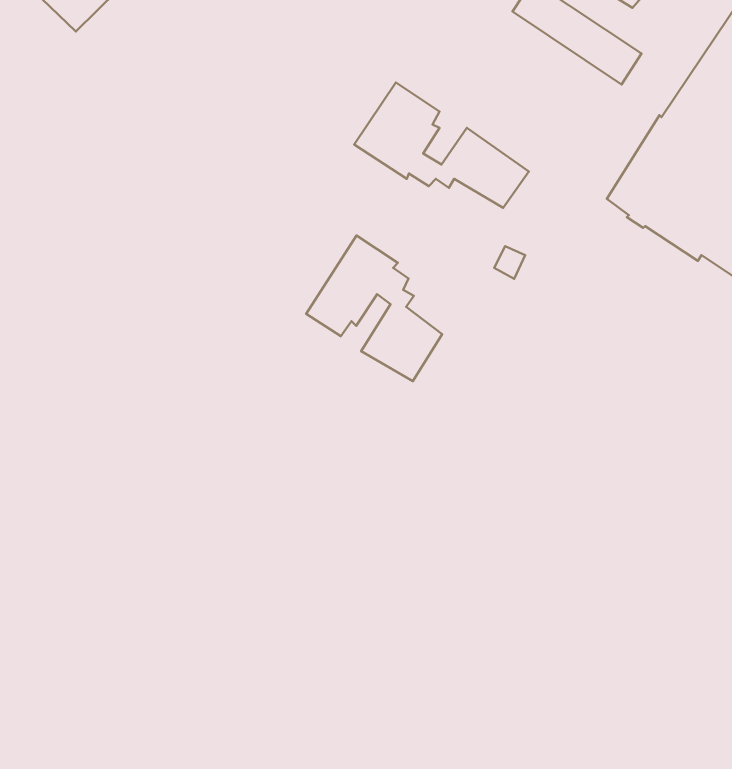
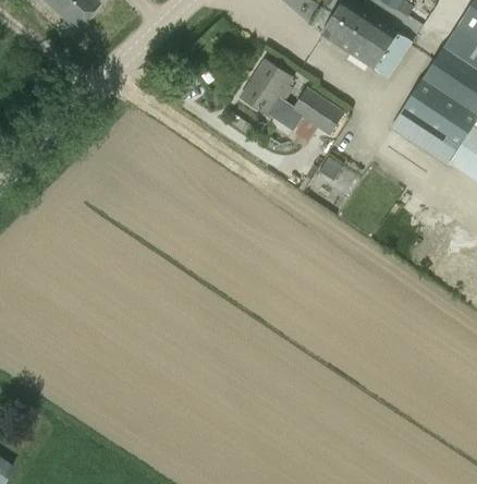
building: none -> [321,16,400,78]
building: [306,235,442,381] -> none

